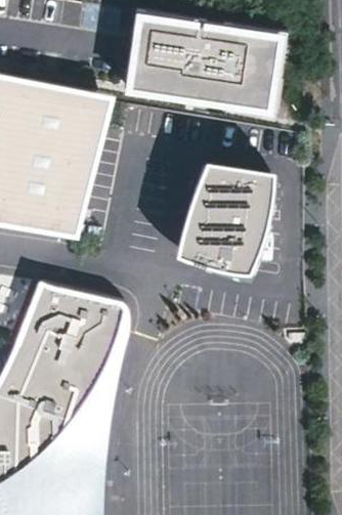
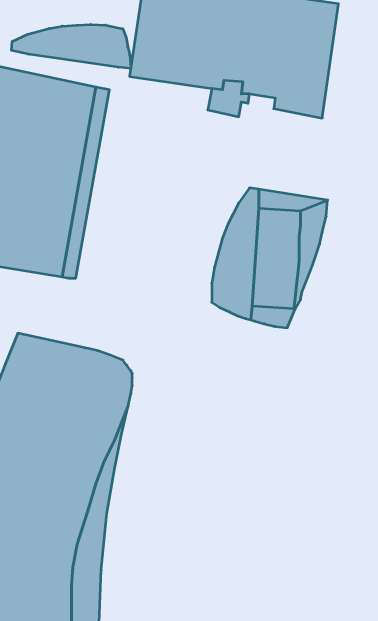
building: none -> [12,24,131,69]

